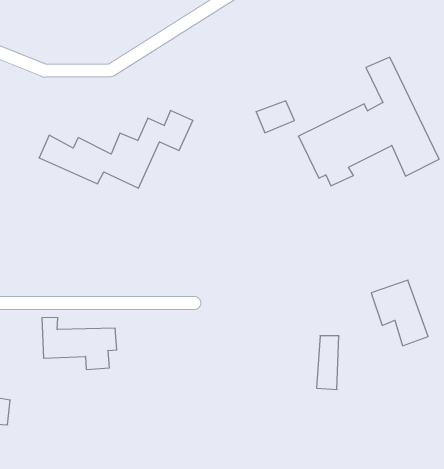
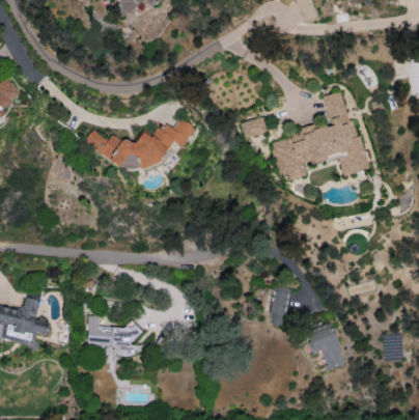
building: [371,280,428,346] -> [306,324,344,370]
building: [42,318,117,369] -> [87,316,140,356]

